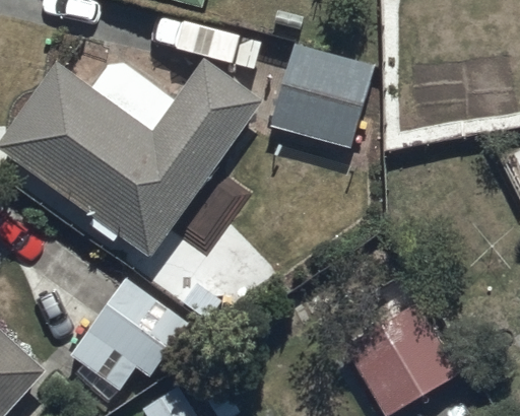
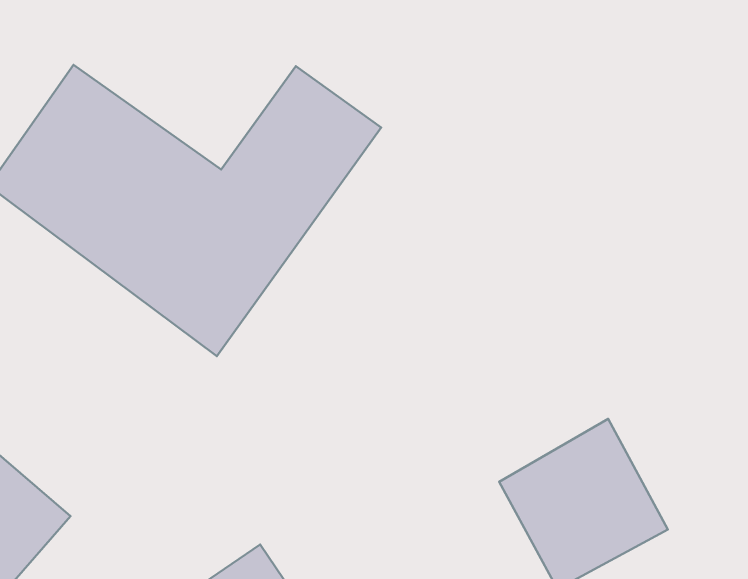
building: [270,43,376,149] -> none
building: [67,278,187,405] -> none

